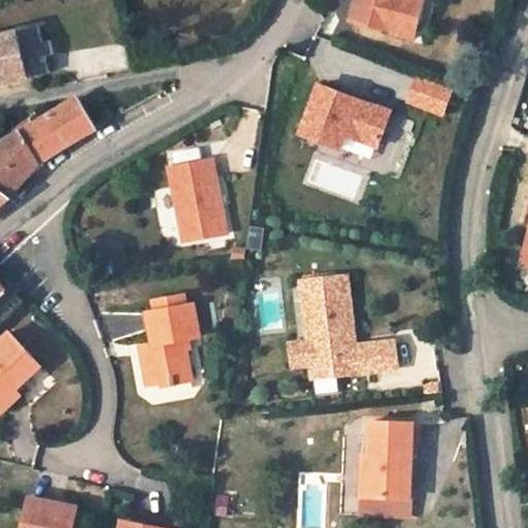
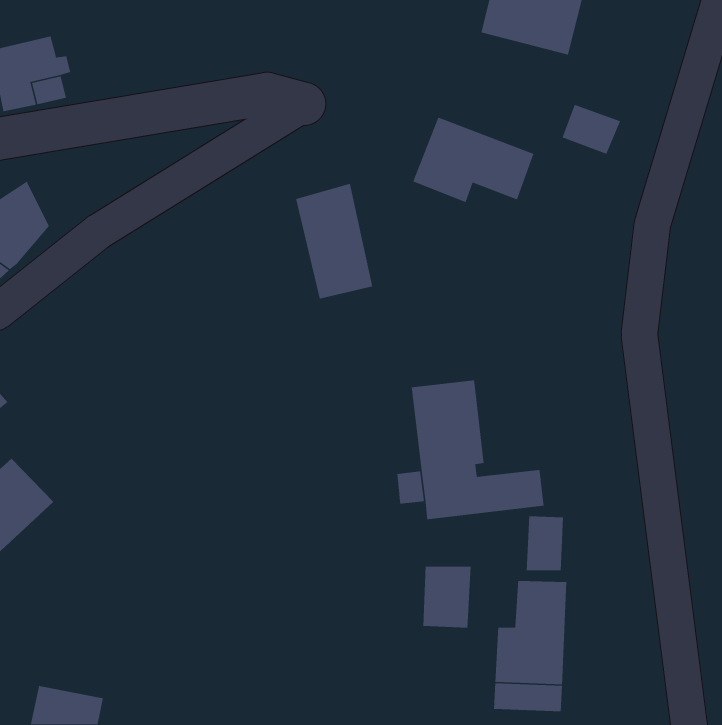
building: [20,96,95,164] -> none
building: [167,156,224,240] -> [295,183,373,300]
building: [148,303,198,387] -> none
building: none -> [526,515,564,571]
building: none -> [422,566,471,629]

